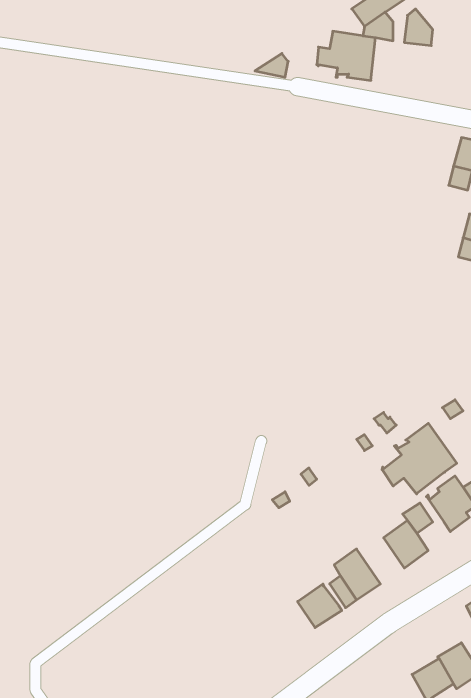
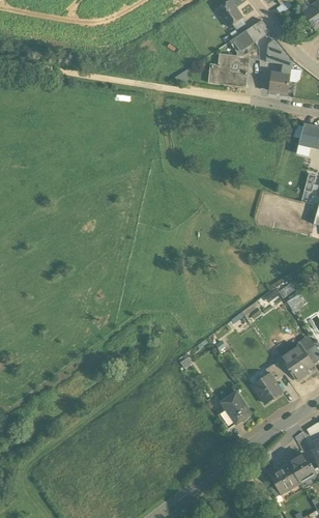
building: none -> [268,53,294,92]
building: [382,423,457,494] -> none
building: [298,584,342,628] -> none

